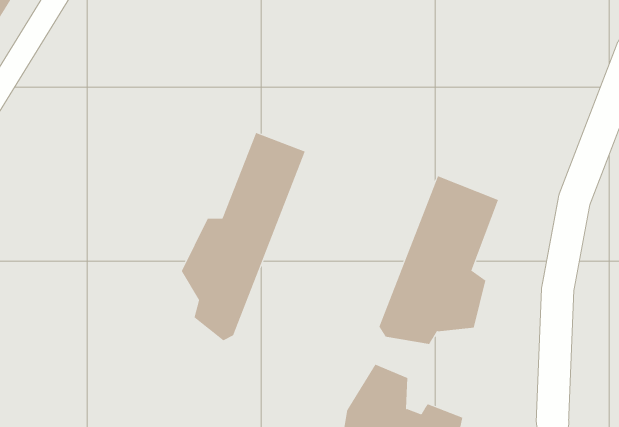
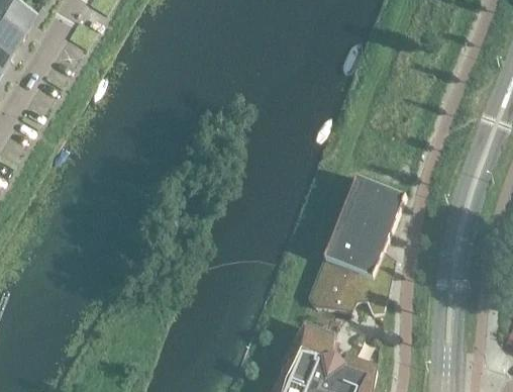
building: [181,132,305,341] -> none

